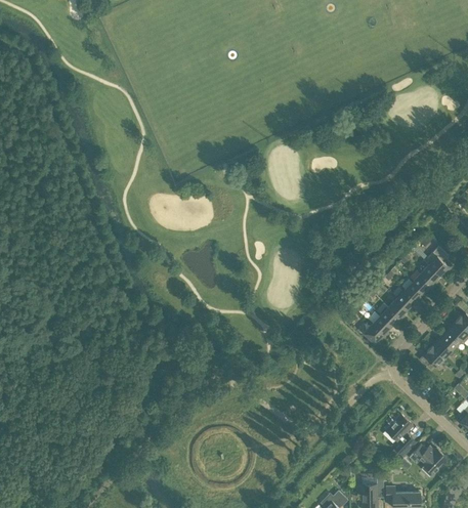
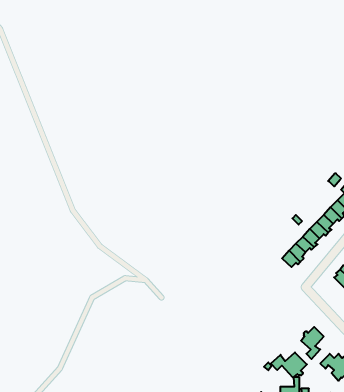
building: none -> [271,352,307,377]

